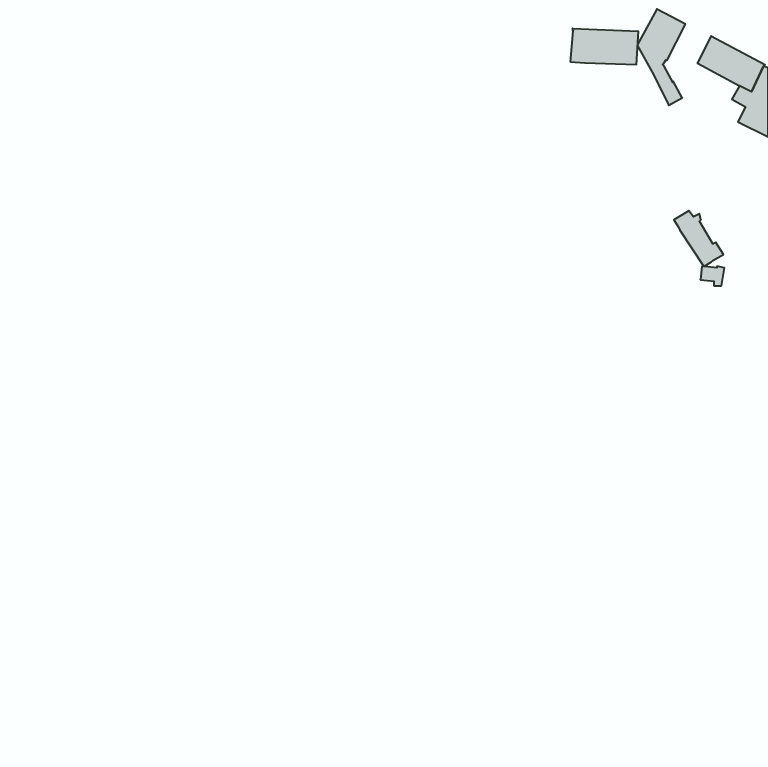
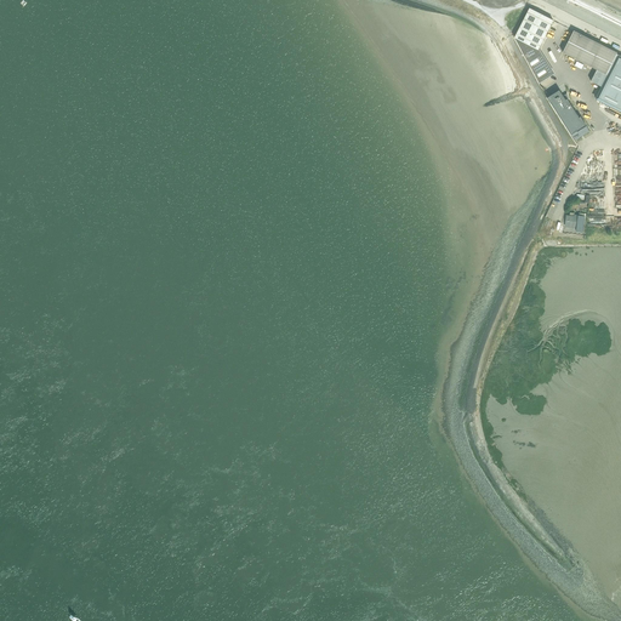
building: [571,28,638,65] -> none
building: [674,211,723,266] -> [547,90,587,135]

